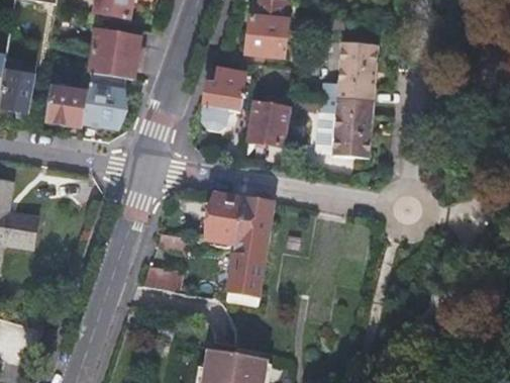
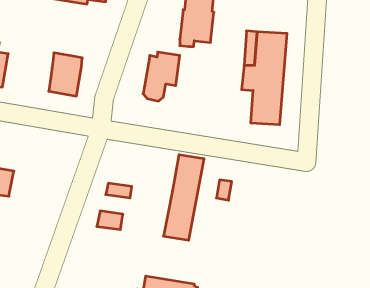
building: [85,27,141,79] -> none
building: [45,84,87,125] -> none
building: [249,101,288,143] -> none
building: [208,193,244,248] -> none

